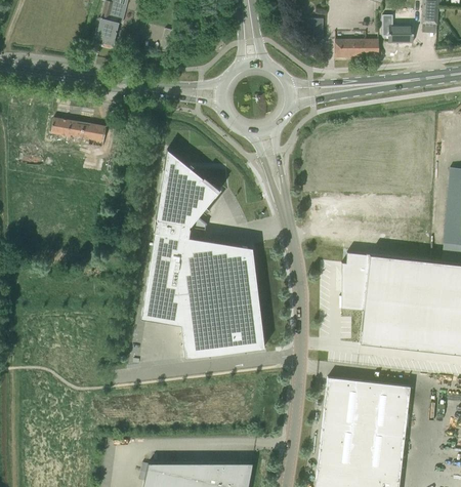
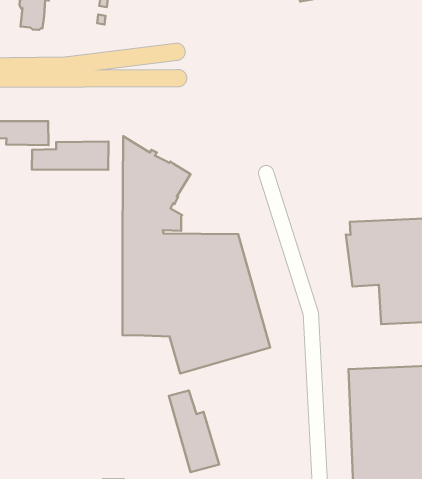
building: none -> [32,142,109,170]
building: none -> [169,390,219,472]

